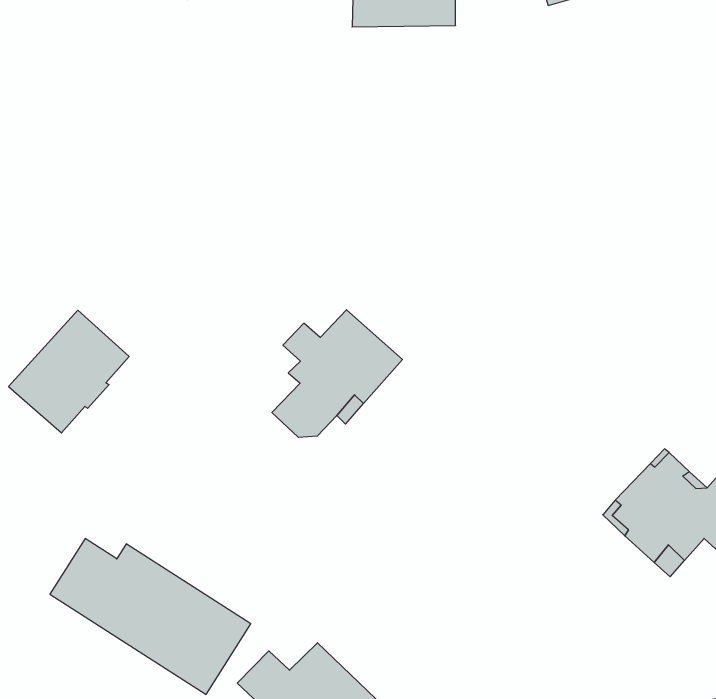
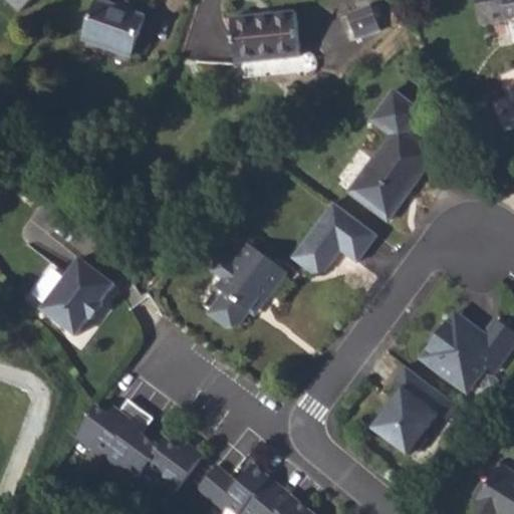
building: none -> [347,89,435,216]
building: none -> [290,202,374,272]
building: none -> [368,365,456,455]

